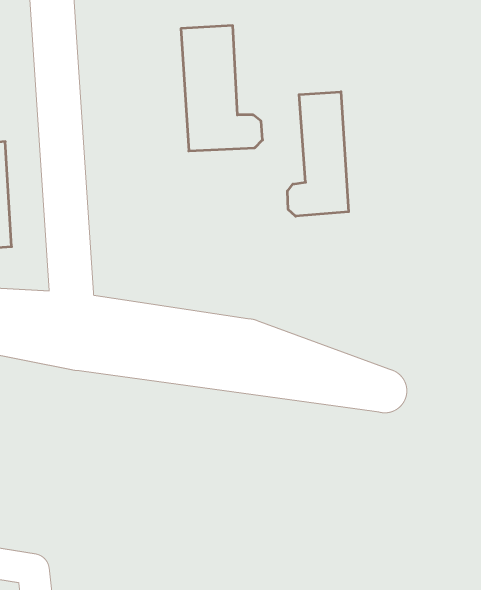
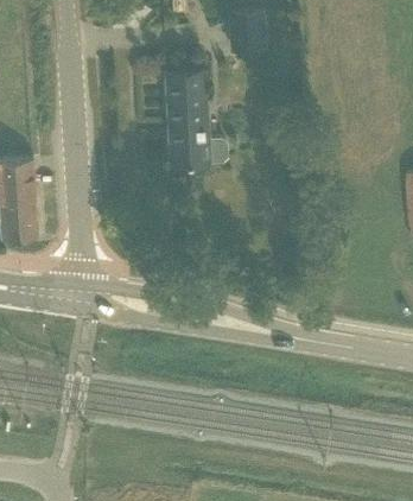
building: [287,92,349,216] -> none

